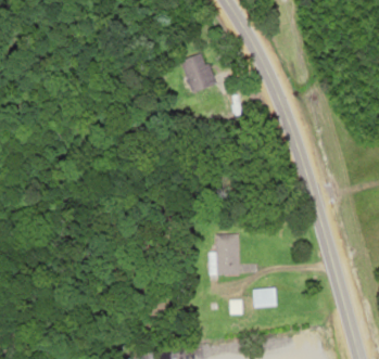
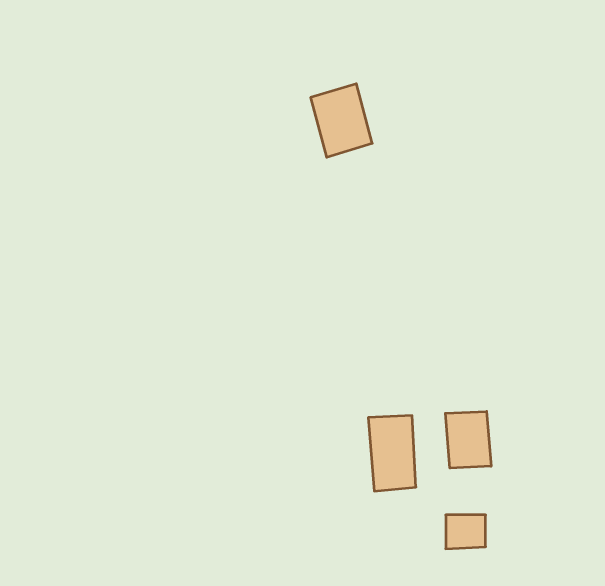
building: none -> [445,411,491,468]

